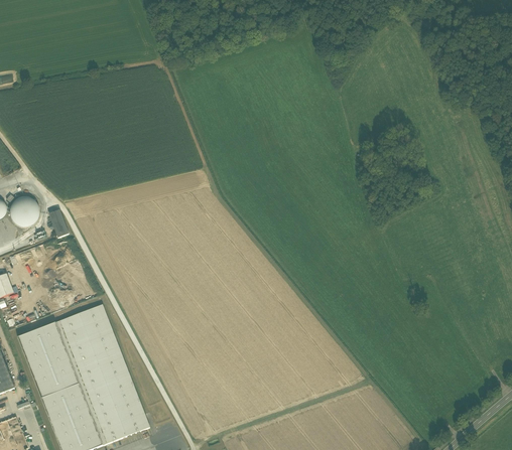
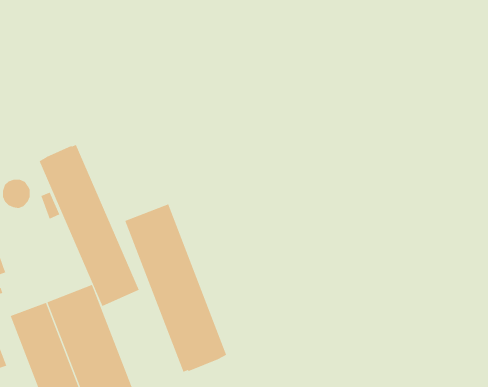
building: none -> [39,144,140,307]
building: none -> [125,203,227,373]

